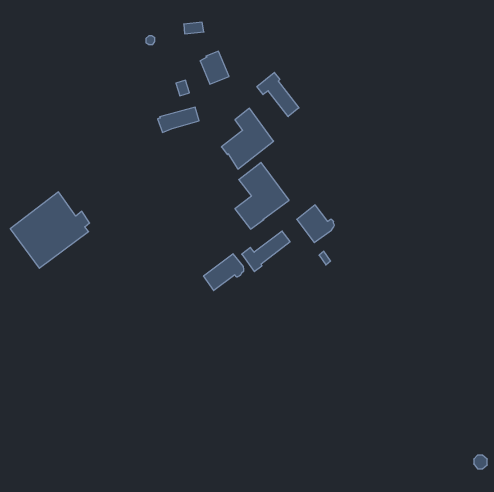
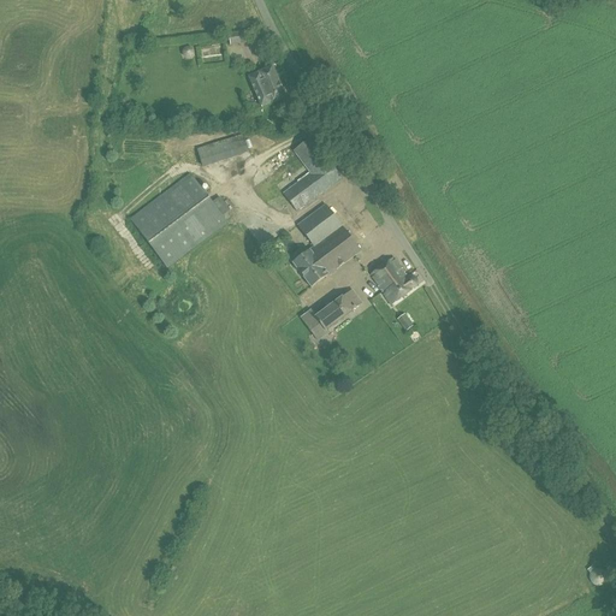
building: [257,72,299,117] -> none
building: [10,192,90,268] -> [130,171,229,266]
building: [204,254,244,291] -> none

